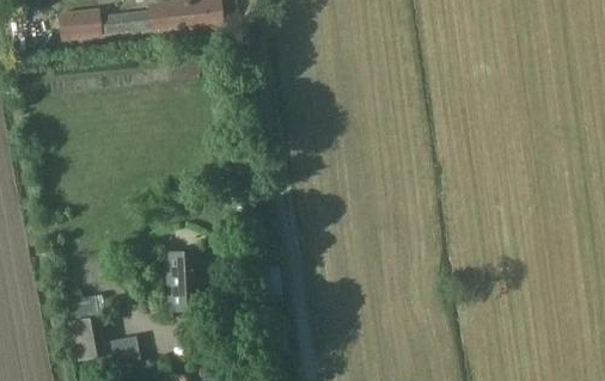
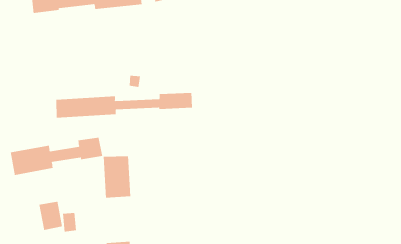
building: none -> [56,92,193,118]
building: none -> [10,137,103,176]

